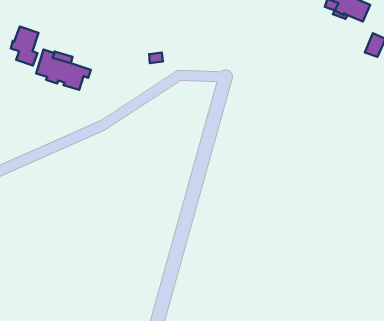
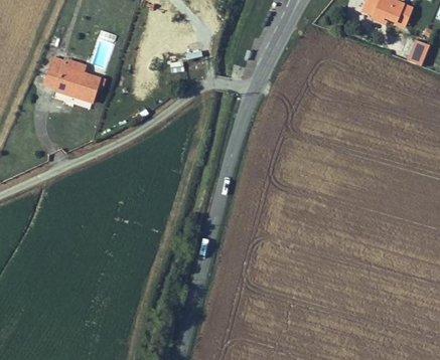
building: [11,26,39,65] -> none

